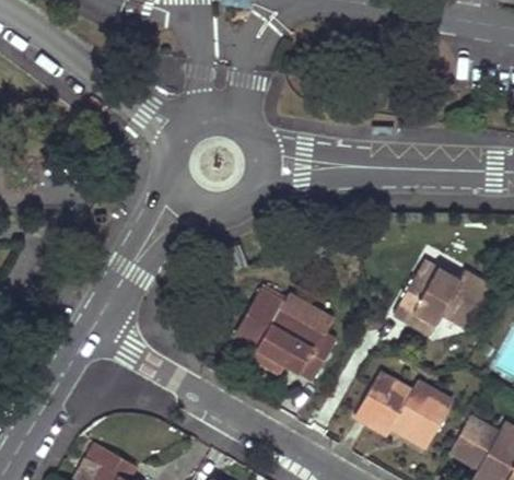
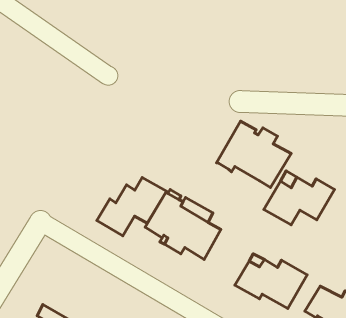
building: none -> [217,121,291,188]
building: none -> [97,178,166,236]

